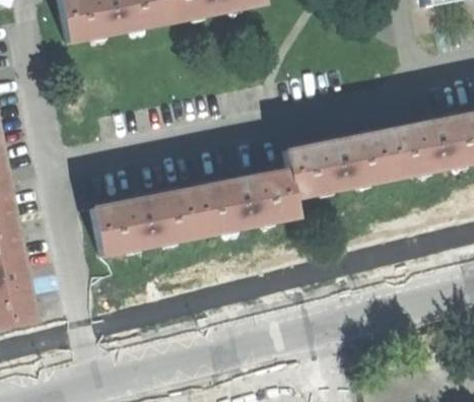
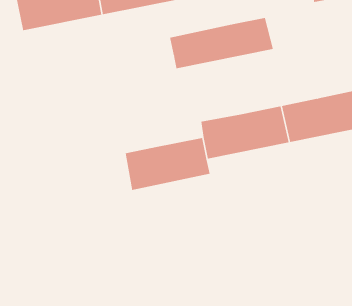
building: none -> [169,17,273,69]
building: [94,189,202,254] -> none

